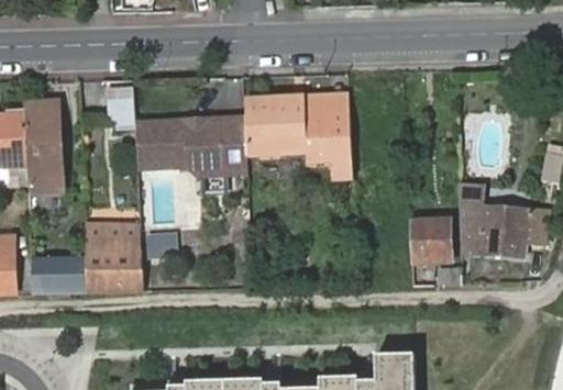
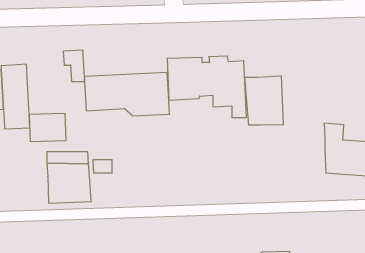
building: none -> [245,76,283,125]
building: [410,215,452,264] -> none
building: [37,256,87,293] -> [29,114,66,141]

